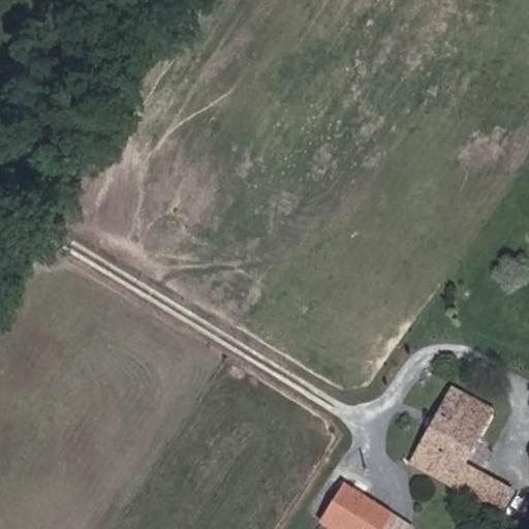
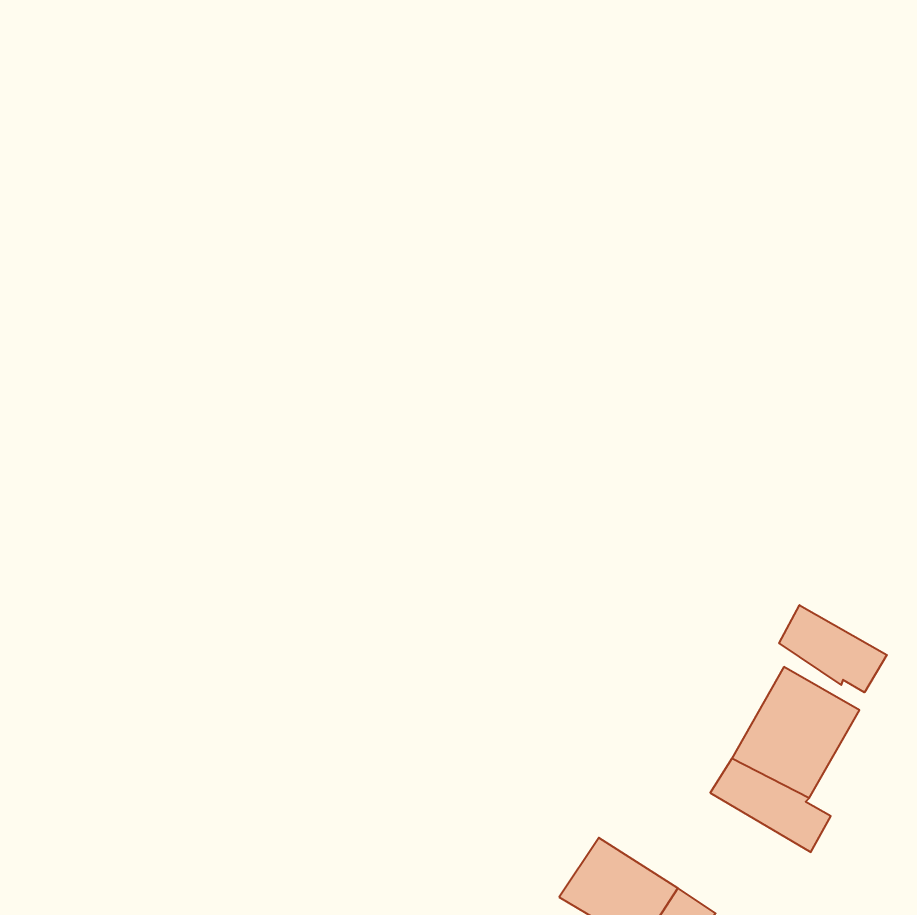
building: none -> [779,605,887,692]
building: [466,471,510,510] -> none

